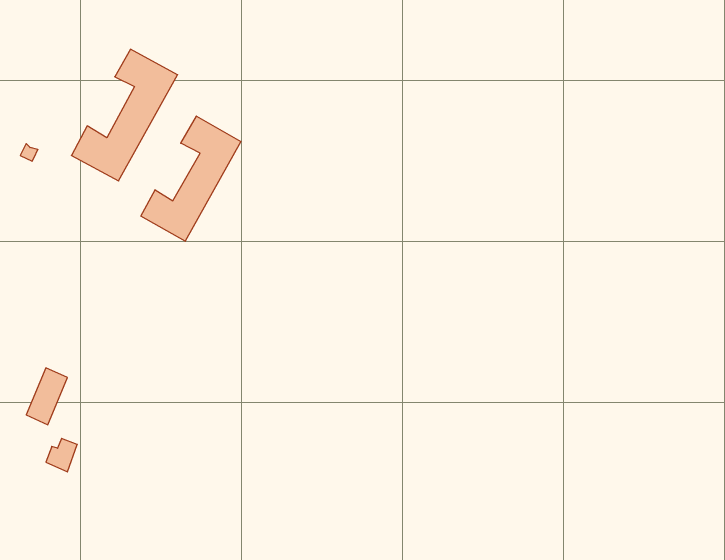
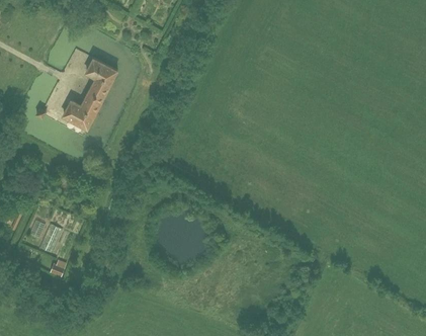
building: [141,116,241,241] -> none

